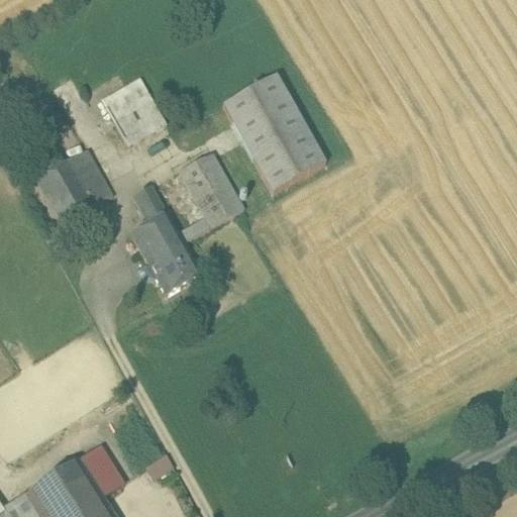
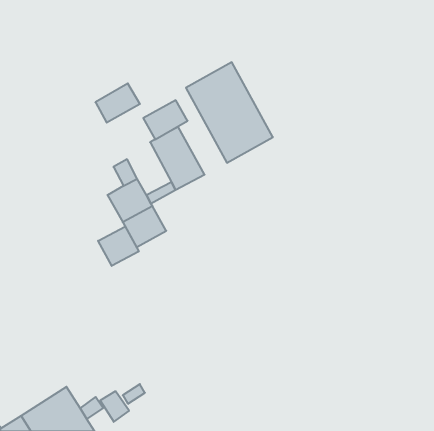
building: [101,75,153,121] -> [143,100,188,139]
building: [37,148,113,222] -> none
building: none -> [98,226,139,266]
building: [81,447,115,484] -> [100,391,129,422]

